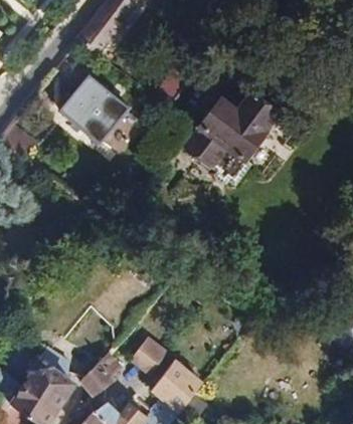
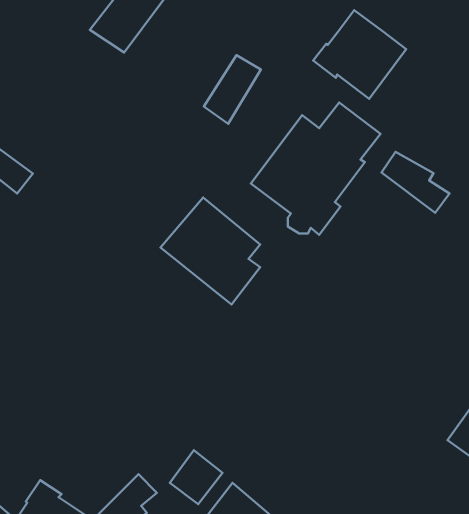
building: none -> [313,10,406,99]
building: [58,75,129,151] -> [160,197,260,304]
building: none -> [381,152,450,213]

